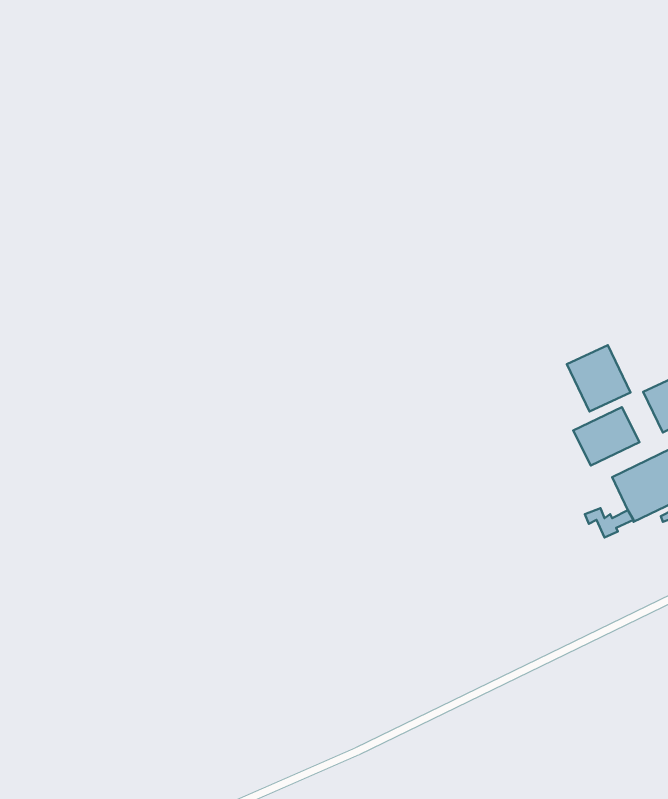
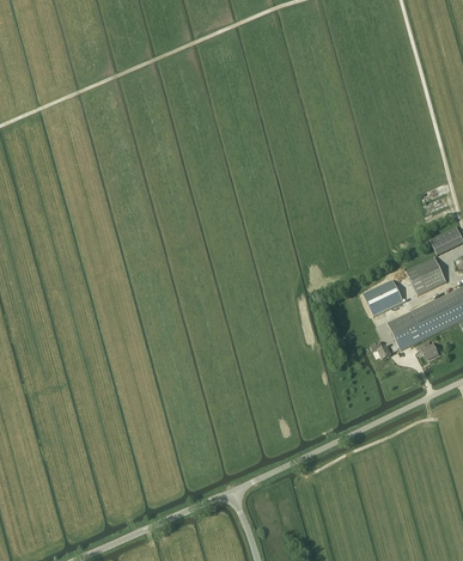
building: [567,345,630,411] -> none

